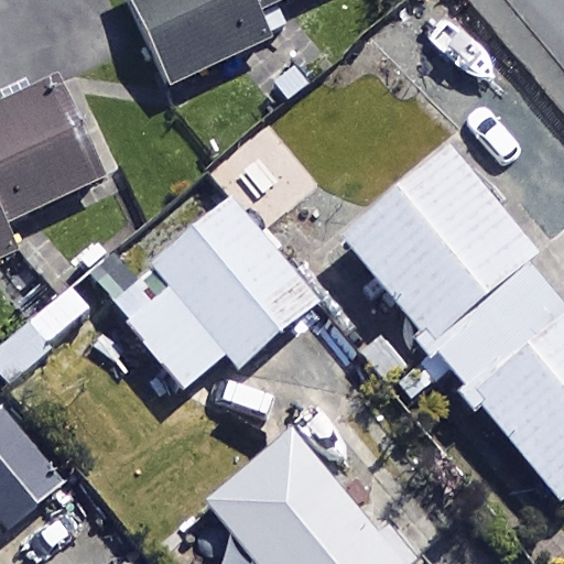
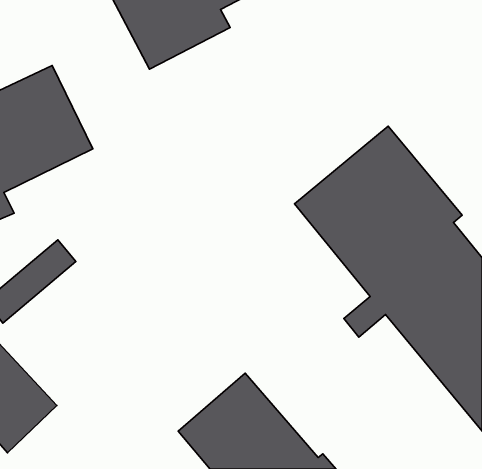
building: [112,198,318,384] -> none

